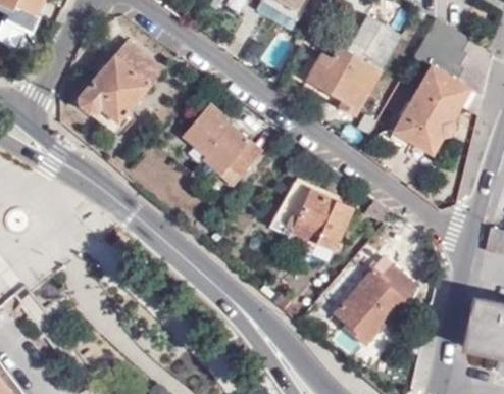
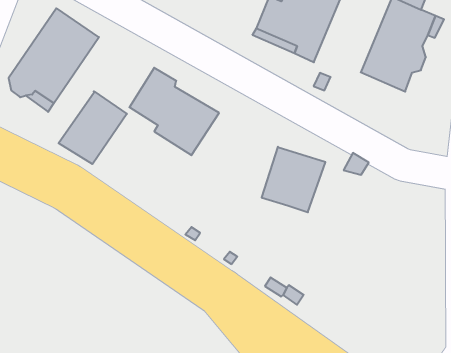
building: none -> [59,91,127,164]
building: [272,180,313,247] -> none
building: [331,261,416,345] -> none

